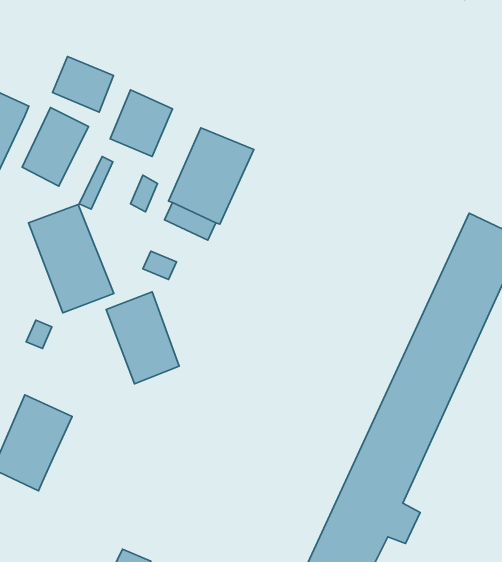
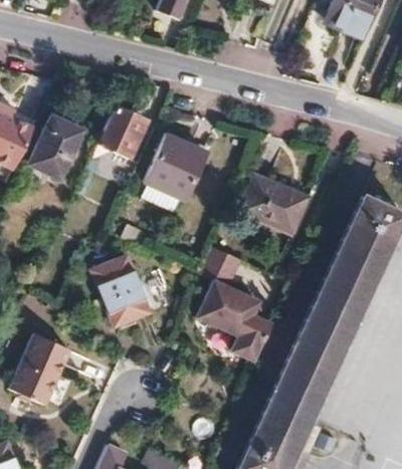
building: [52,57,113,112] -> none
building: none -> [239,173,308,232]
building: [28,204,114,313] -> none
building: none -> [196,245,271,359]

